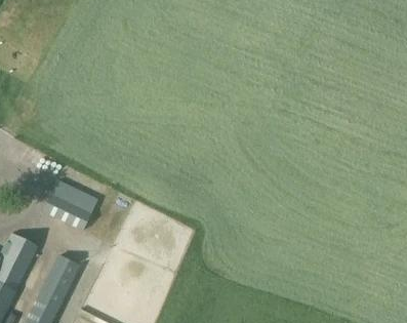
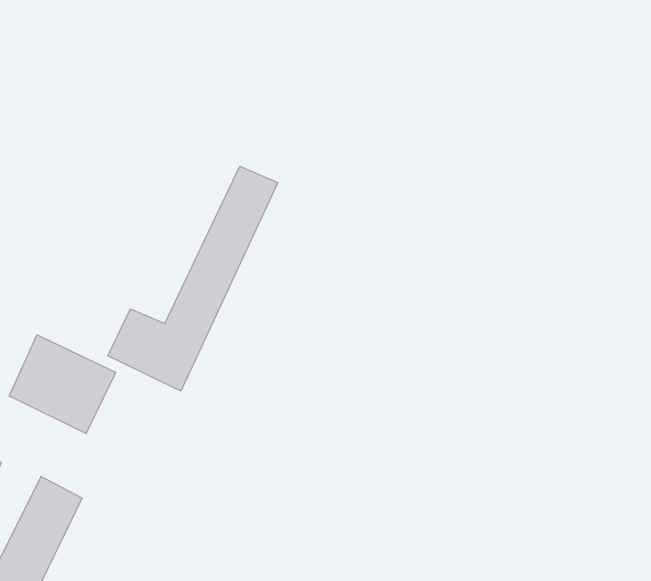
building: none -> [108,166,278,391]

